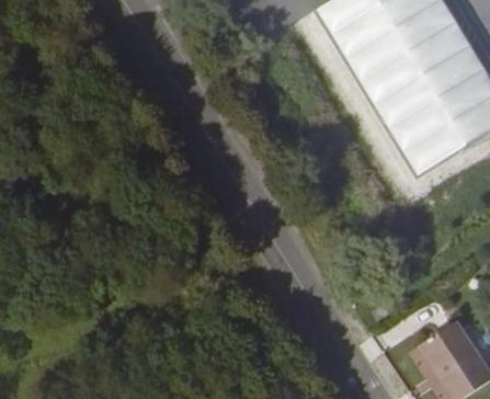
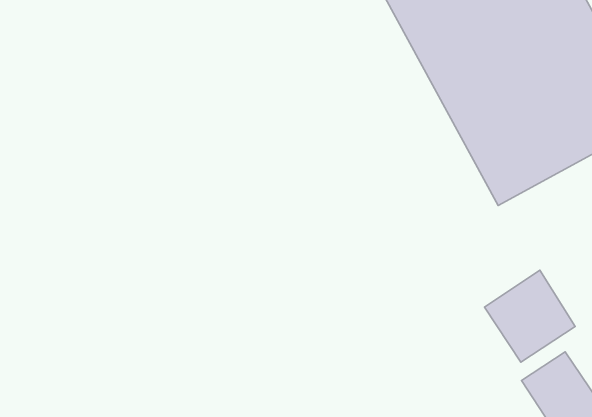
building: none -> [485,270,575,362]

